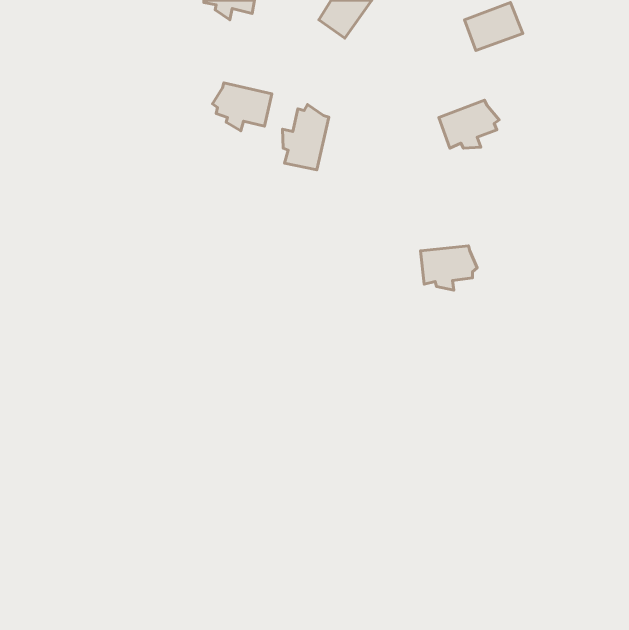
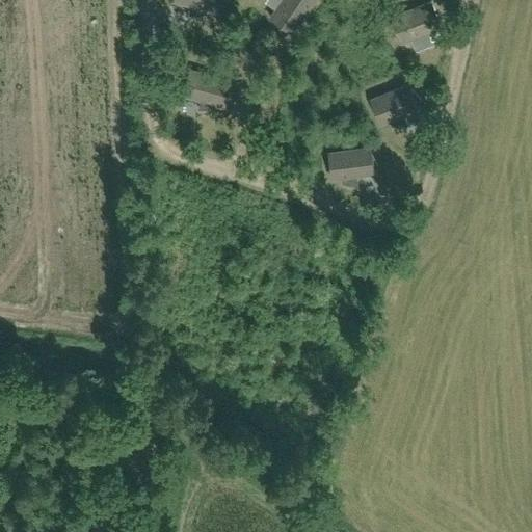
building: [282,105,329,170] -> none
building: [420,246,477,290] -> [327,149,375,186]

